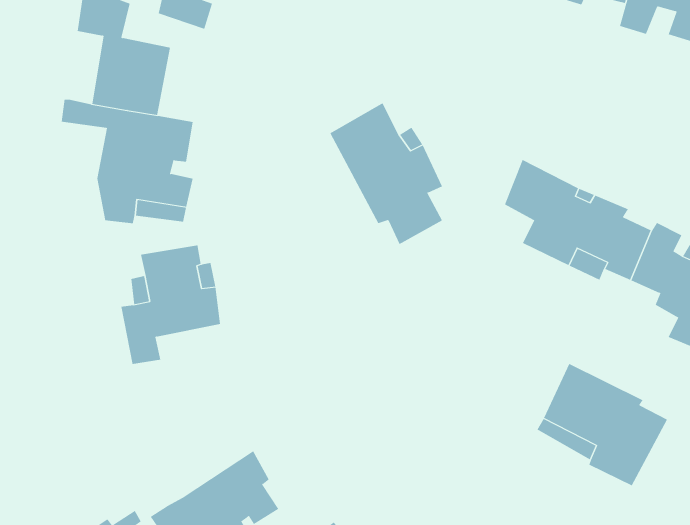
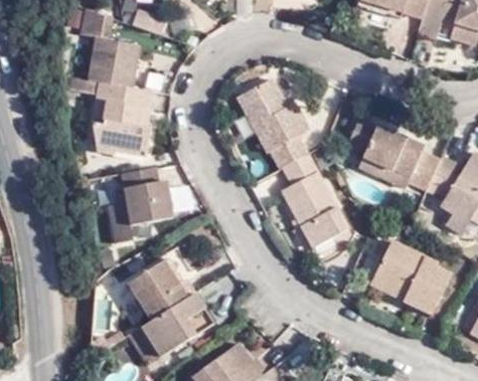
building: none -> [282,153,351,252]
building: none -> [125,265,191,325]

